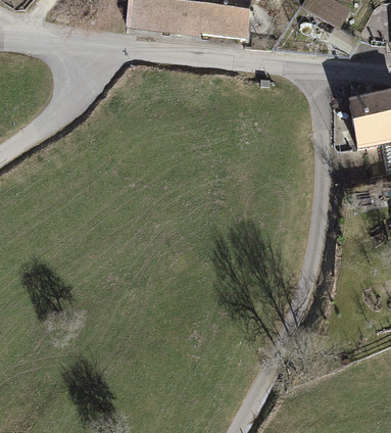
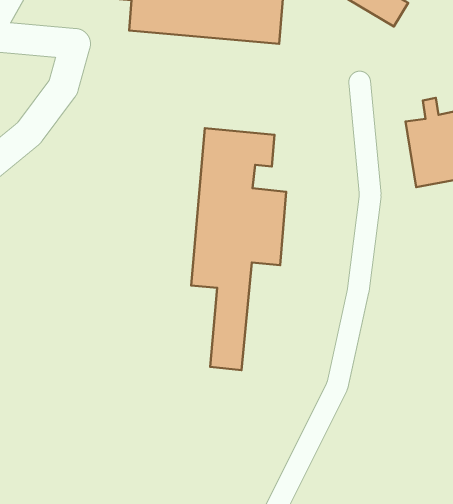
building: none -> [191,128,286,370]

